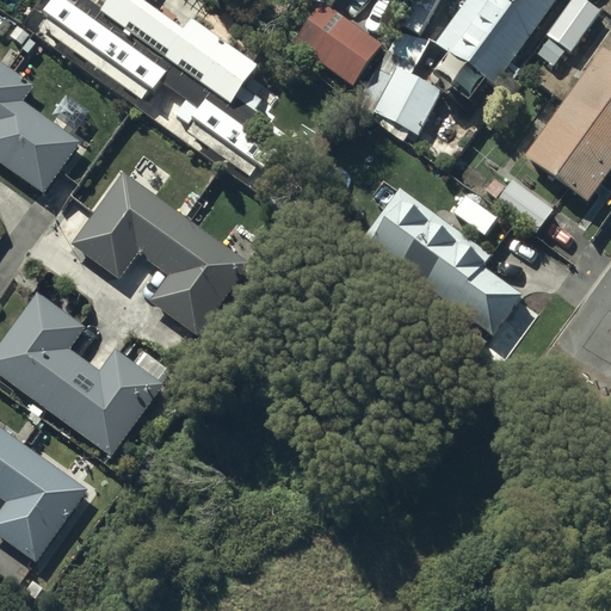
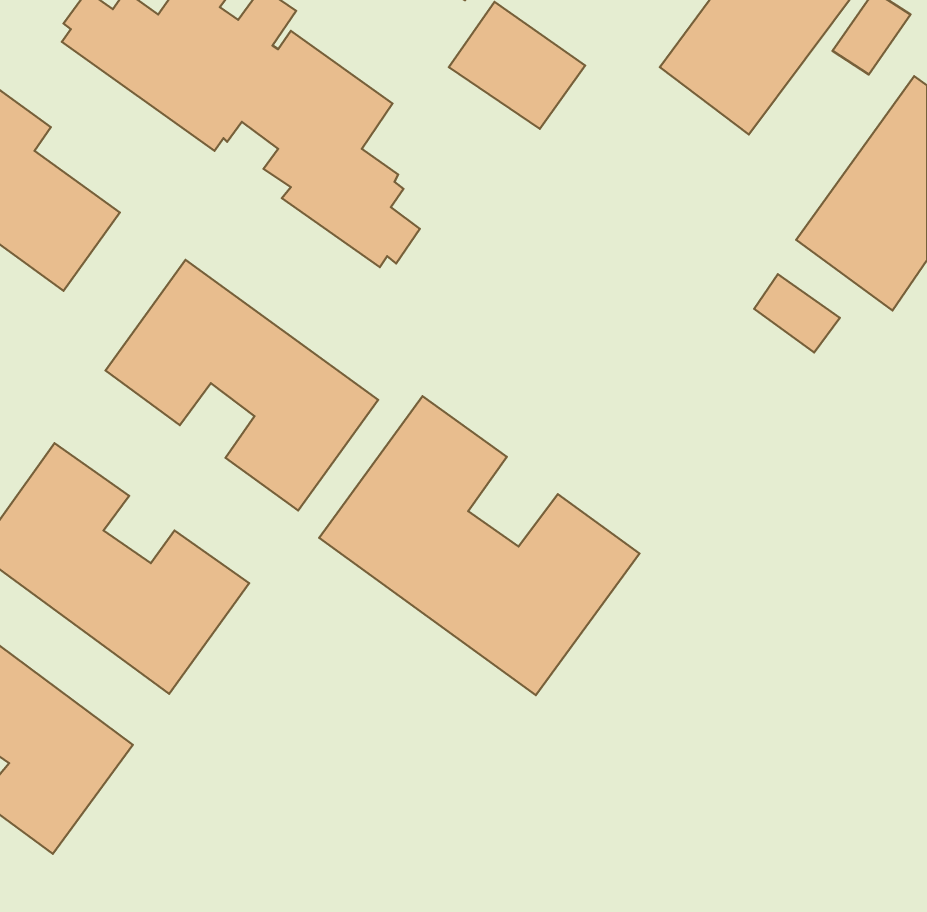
building: [366,67,436,146] -> none
building: [362,187,532,345] -> none
building: none -> [319,396,639,695]

